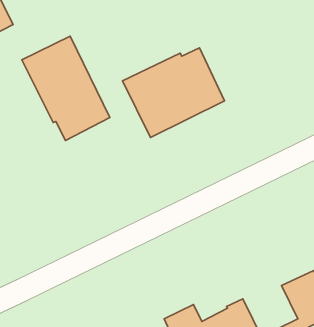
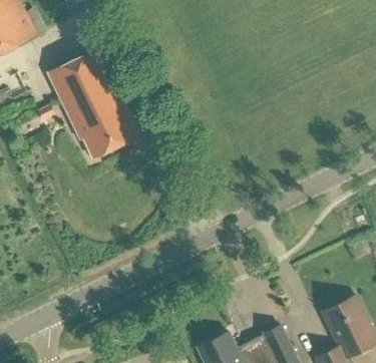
building: [123,48,225,137] -> none

